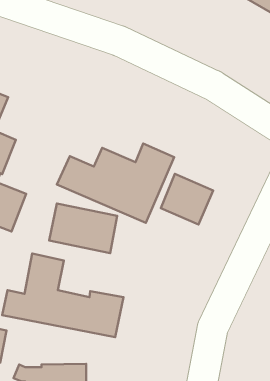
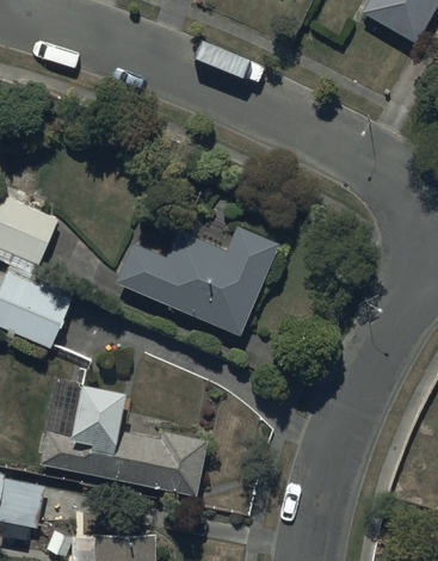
building: [161,174,213,224] -> none
building: [49,204,117,253] -> none

